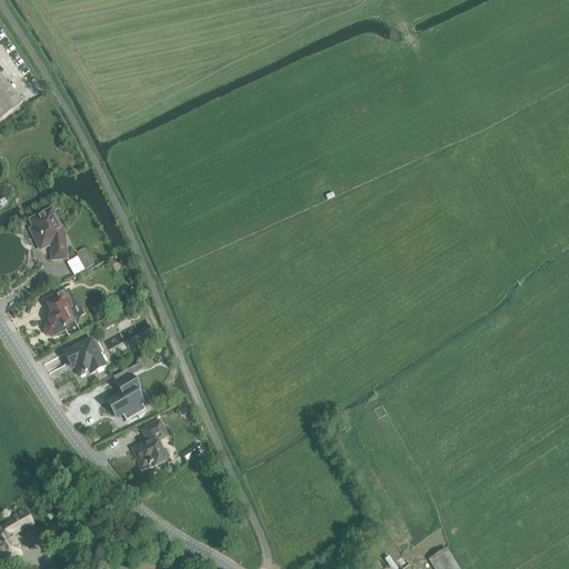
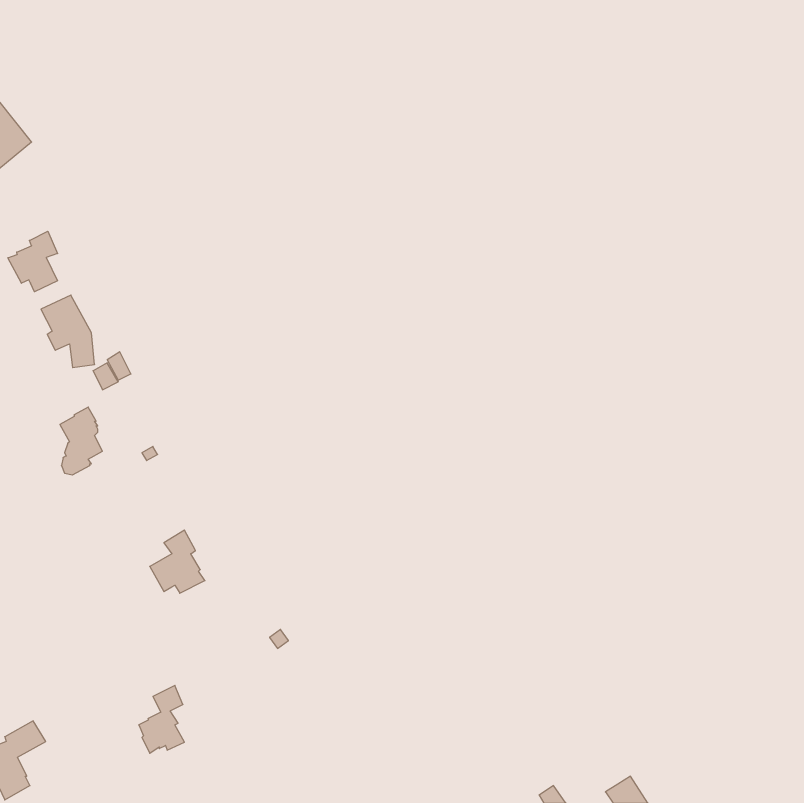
building: none -> [8,231,58,292]
building: [62,337,104,375] -> none
building: [133,419,166,467] -> [139,685,184,753]

